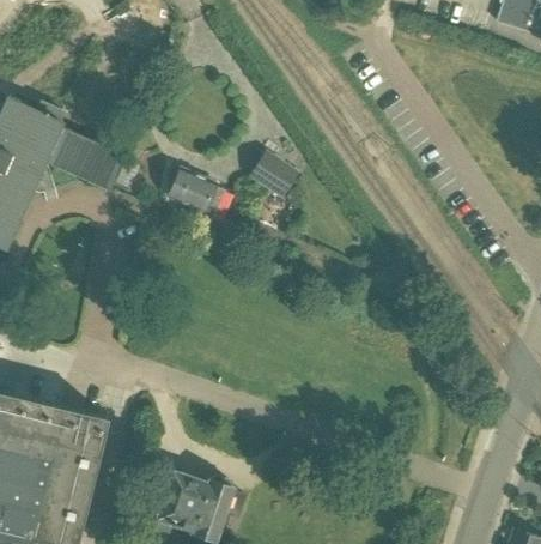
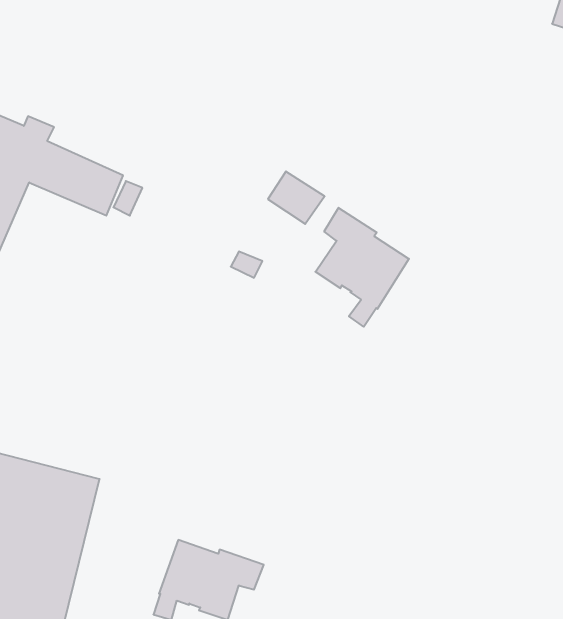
building: [168,169,217,222] -> none
building: none -> [315,208,409,327]

